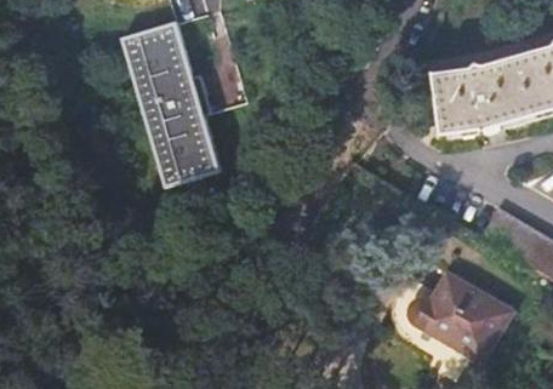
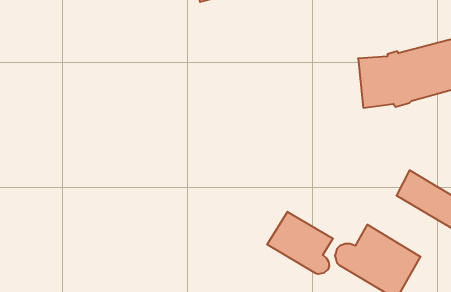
building: [121,19,222,185] -> none
building: none -> [267,212,333,274]

